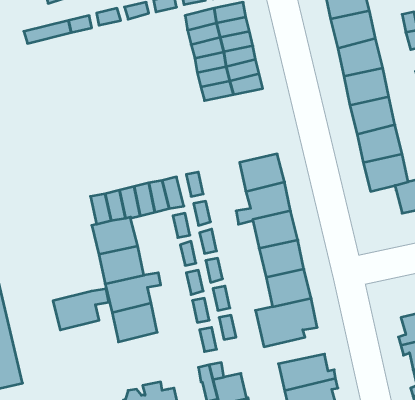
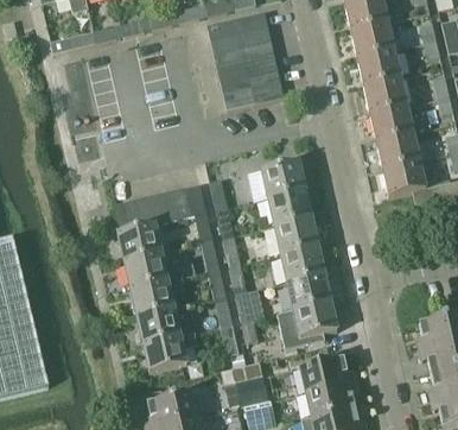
building: [53,289,109,330] -> [142,333,197,373]

